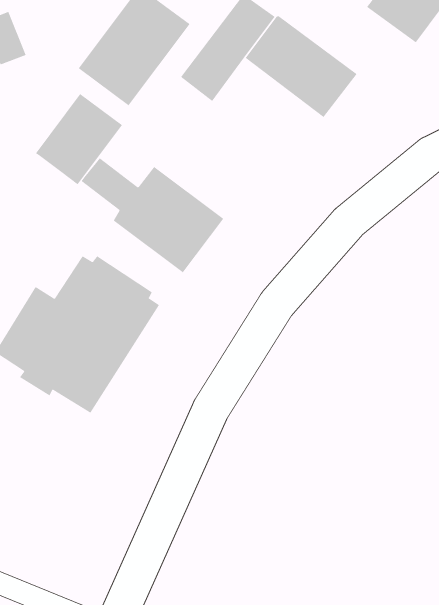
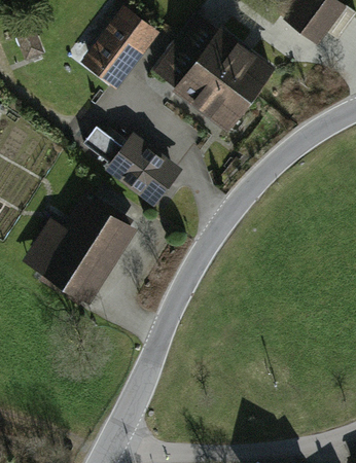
building: none -> [173,57,253,132]
building: [35,93,123,185] -> none

